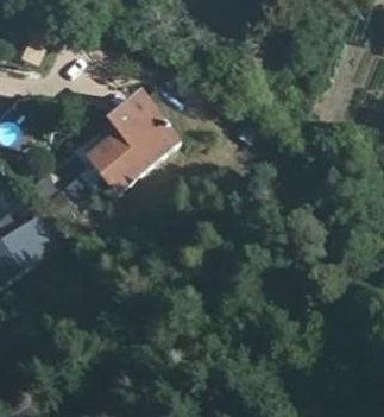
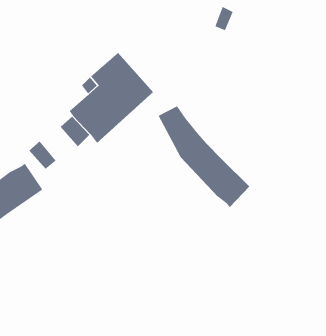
building: none -> [158,106,250,208]

